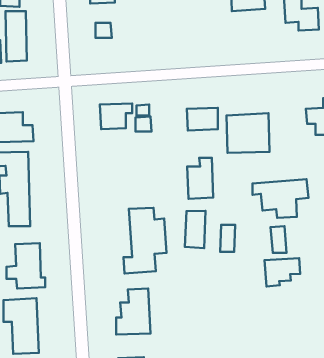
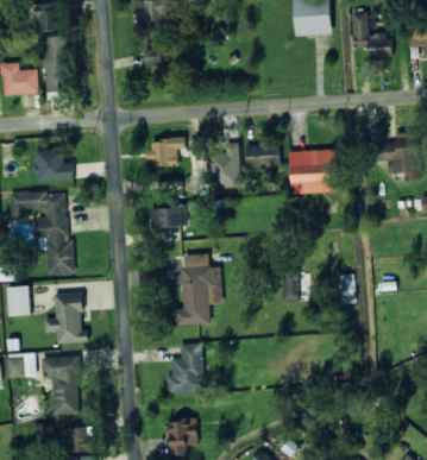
building: [187,158,213,199] -> [212,143,240,188]
building: none -> [150,206,187,227]
building: [252,179,309,218] -> none
building: [185,211,206,248] -> none
building: [265,258,300,287] -> none

